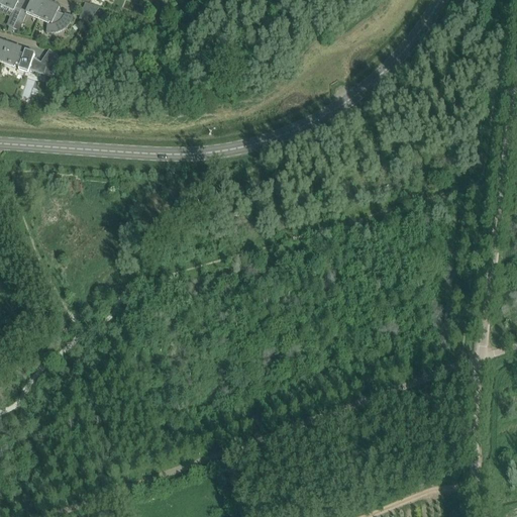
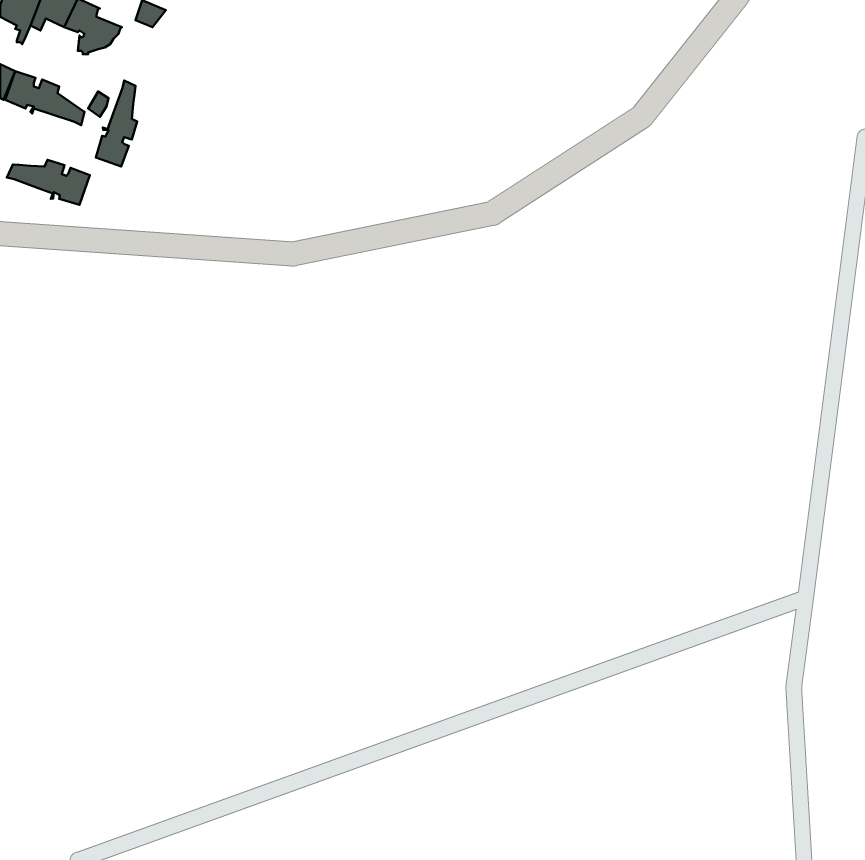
building: none -> [96,80,137,166]
building: none -> [7,160,90,205]

